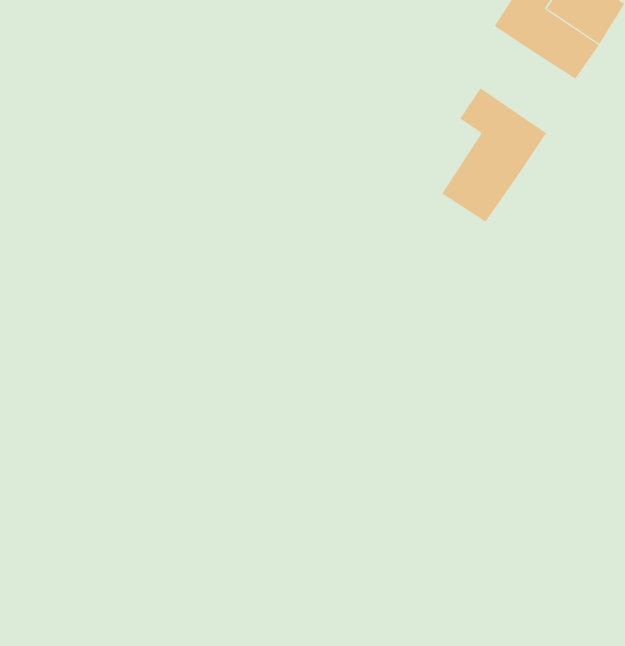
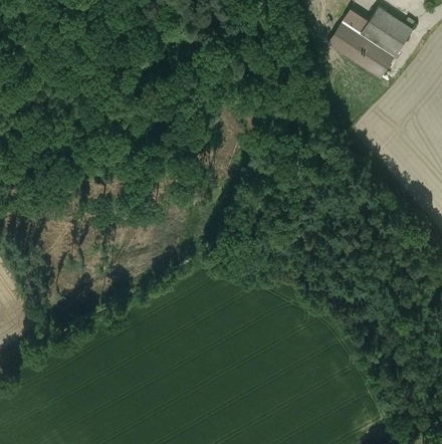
building: [441,87,547,223] -> none

